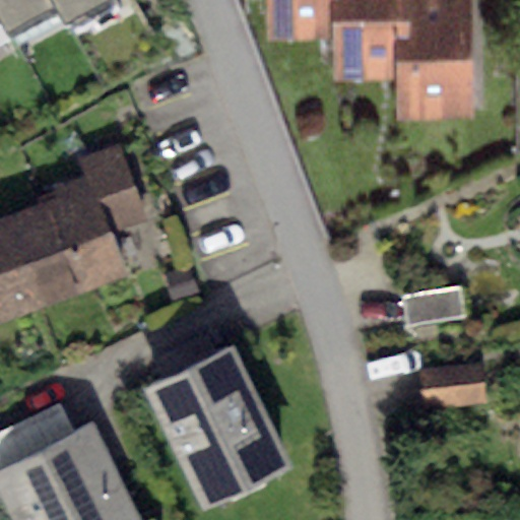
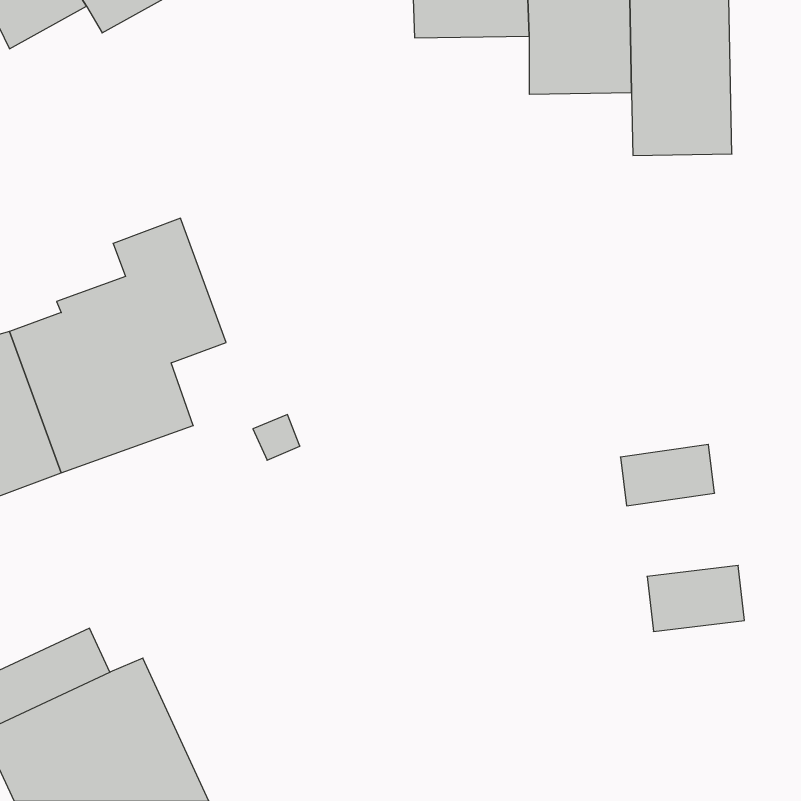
building: [146,348,292,513] -> none

